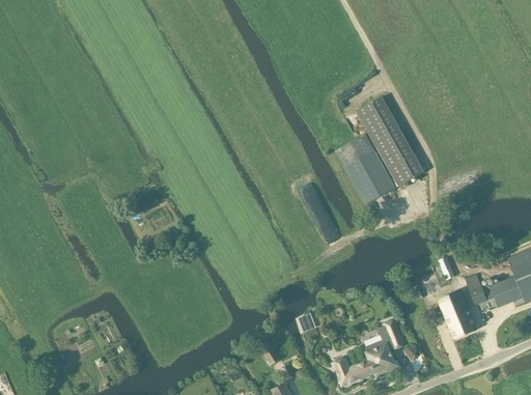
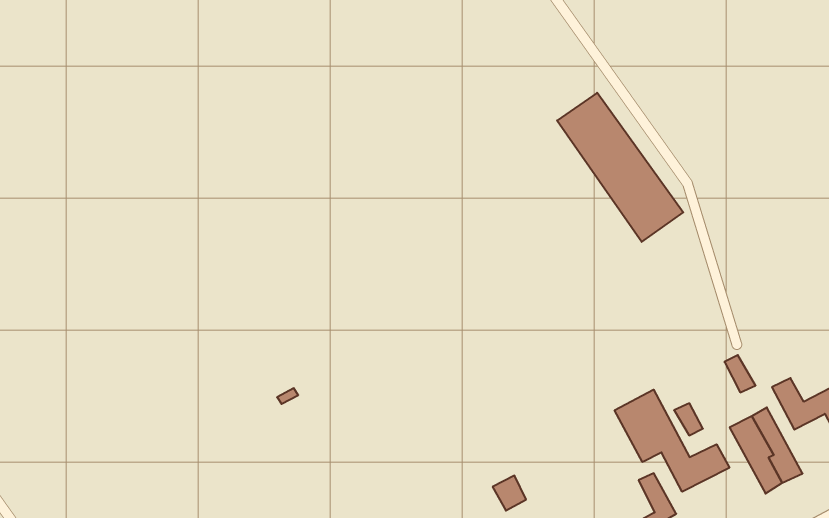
building: [335,134,395,204] -> none
building: none -> [615,390,729,492]

